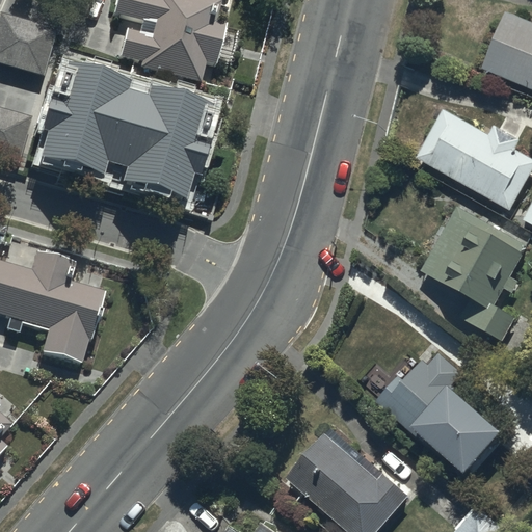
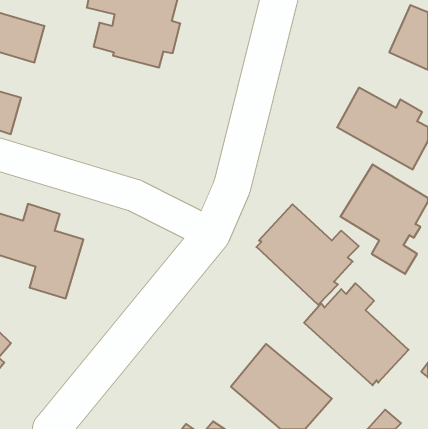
building: [39,68,209,207] -> none
building: none -> [256,204,359,305]

